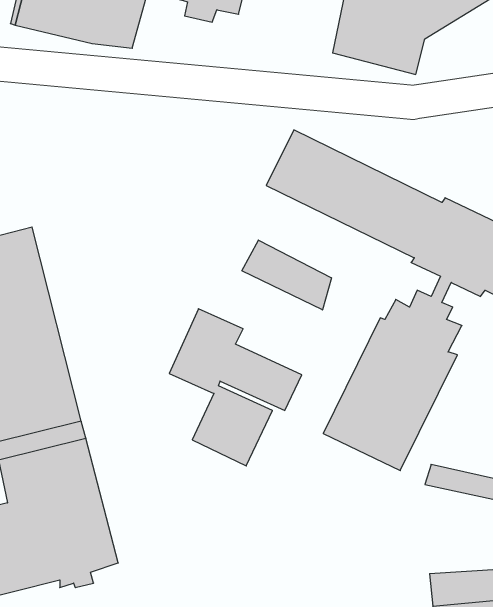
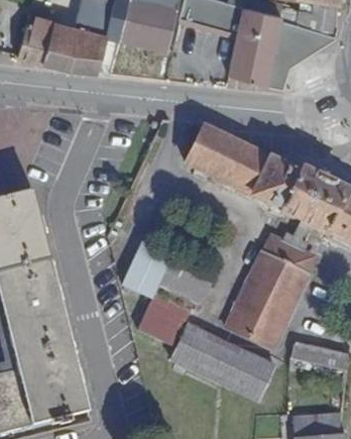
building: [242,240,331,310] -> none
building: none -> [171,325,274,399]

